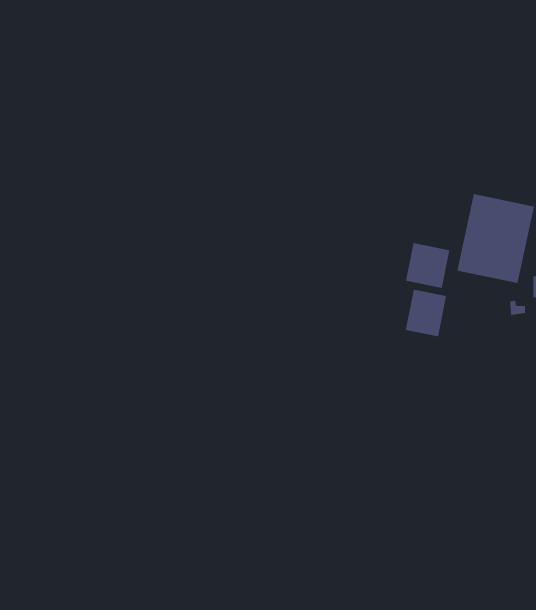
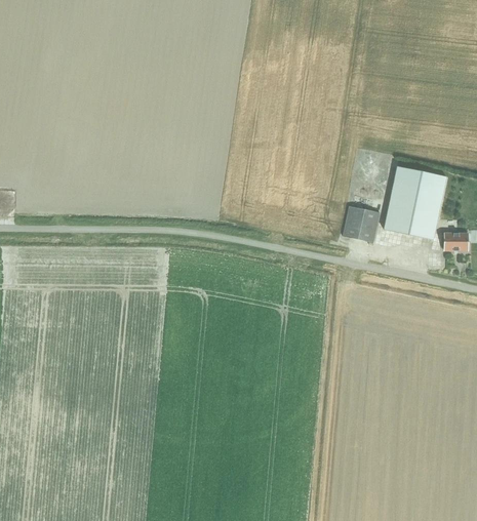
building: [405,289,447,337] -> none

